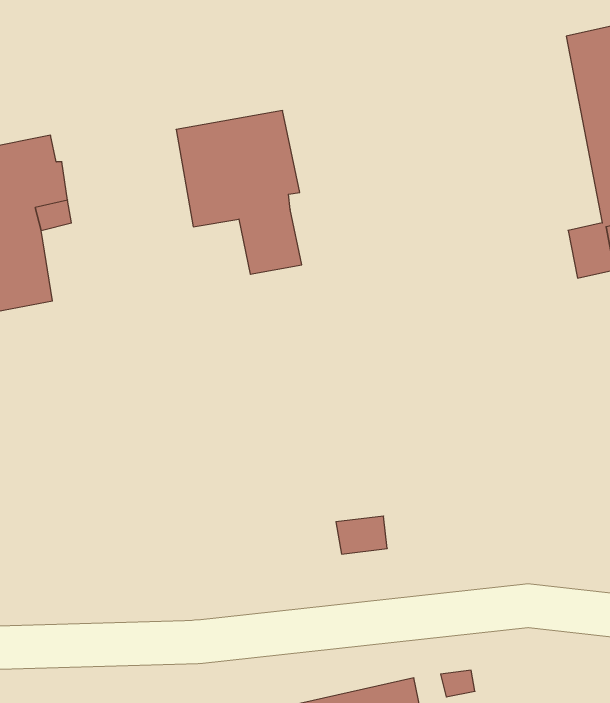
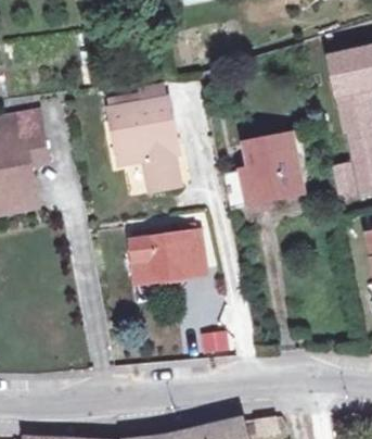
building: none -> [225,136,300,204]
building: none -> [132,231,205,279]

